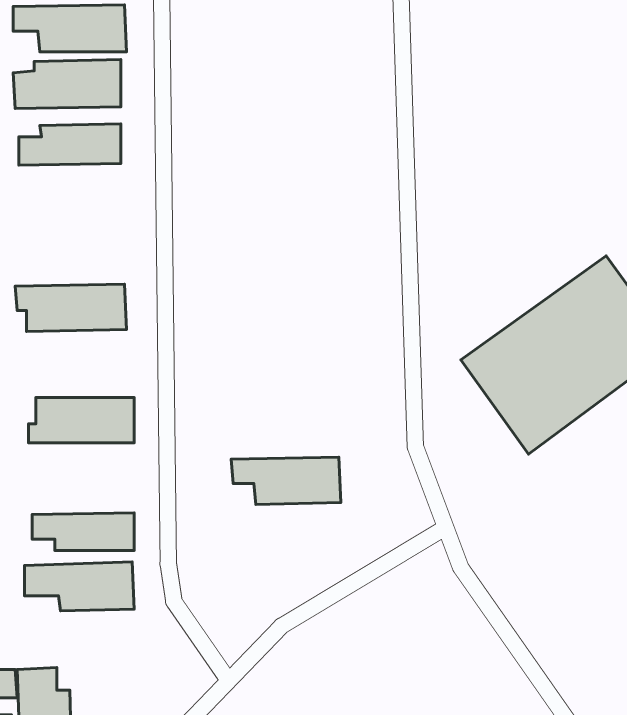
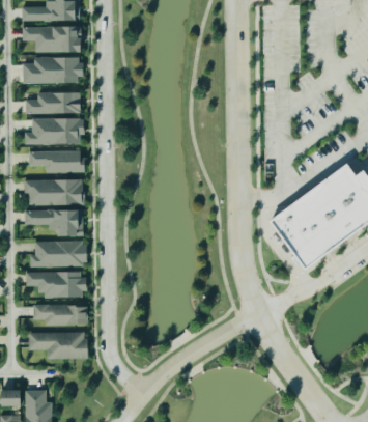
building: none -> [24,118,85,144]
building: none -> [28,150,84,172]
building: none -> [24,209,83,236]
building: [231,457,341,504] -> [25,272,85,298]

